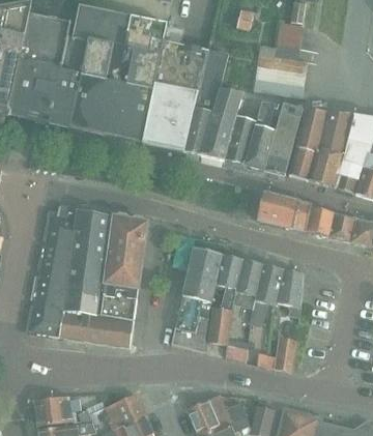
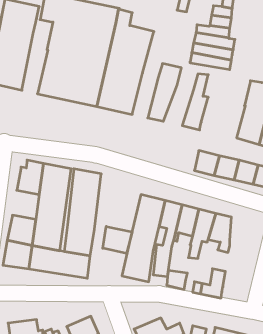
building: [50,35,87,125] -> none
building: [182,51,227,154] -> none
building: [263,104,300,173] -> none
building: [288,109,324,178] -> none
building: [220,115,256,164] -> none
building: [38,241,70,277] -> none
building: none -> [103,226,132,254]

